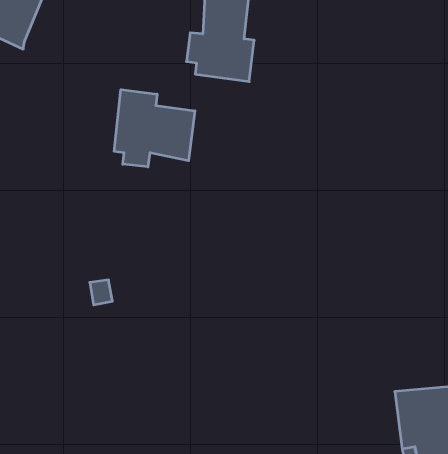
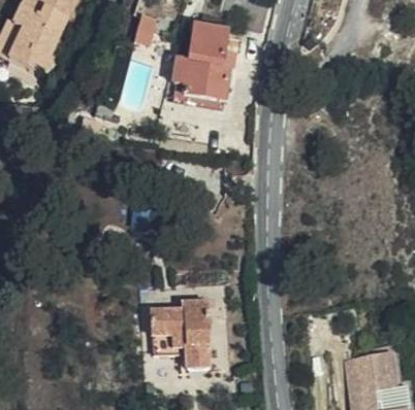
building: [114,90,195,167] -> none
building: none -> [145,299,209,372]

